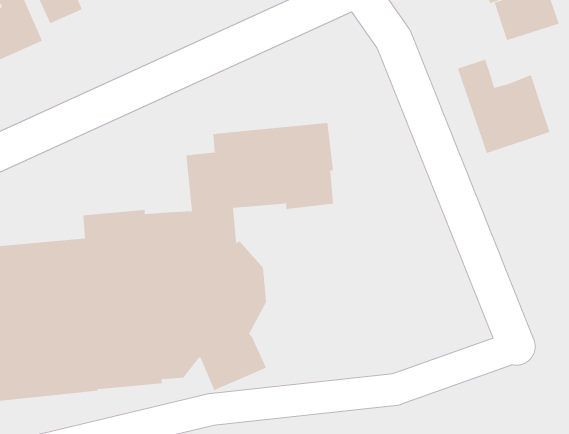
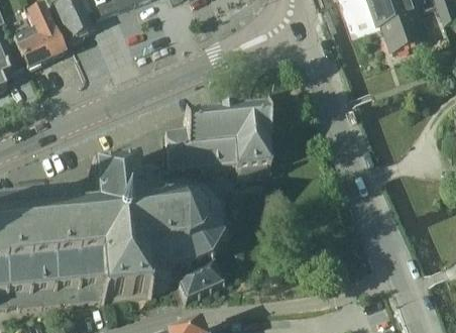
building: [457,59,550,154] -> none

